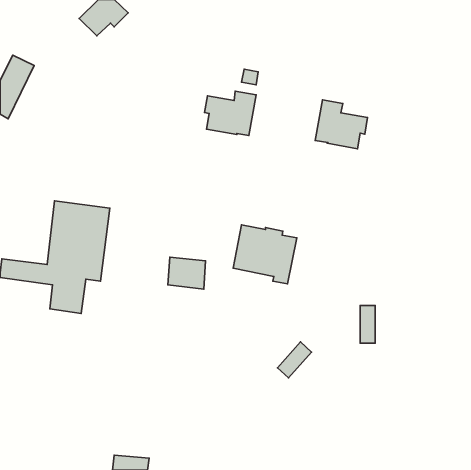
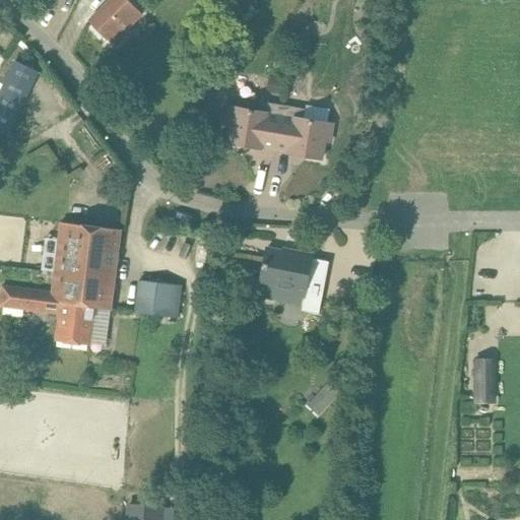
building: [315,100,368,149] -> [274,105,332,158]
building: [168,257,206,289] -> [136,285,178,321]
building: [360,306,375,343] -> [476,360,493,401]

